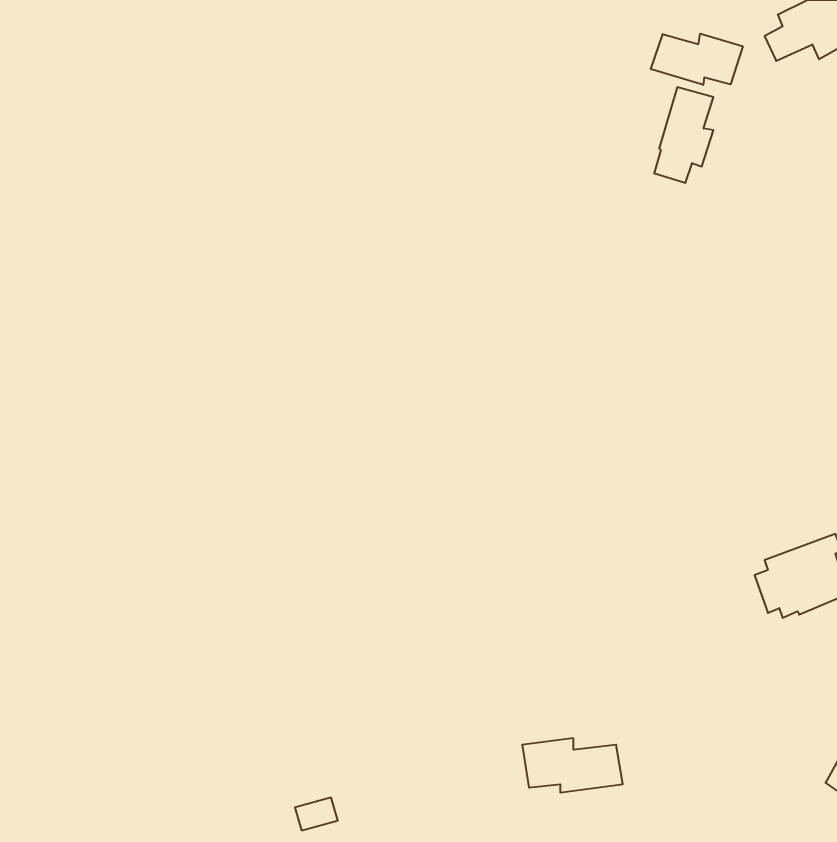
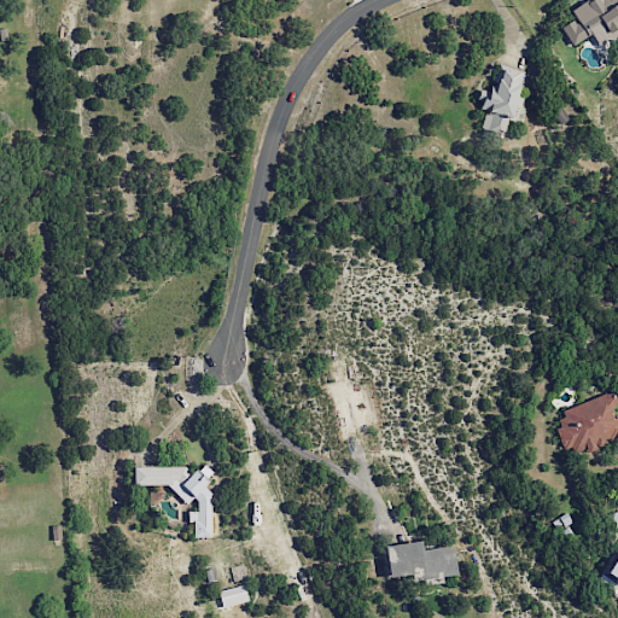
building: [651,34,743,85] -> none
building: none -> [135,466,212,537]

